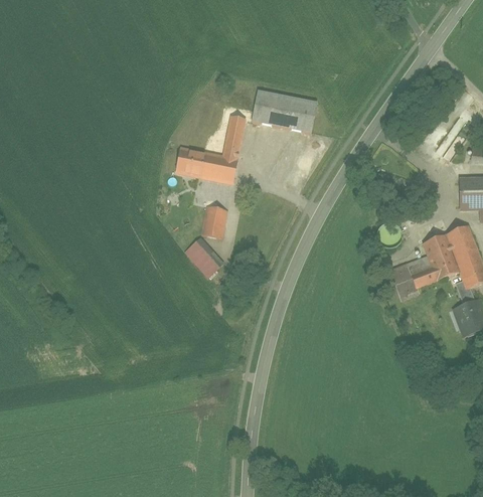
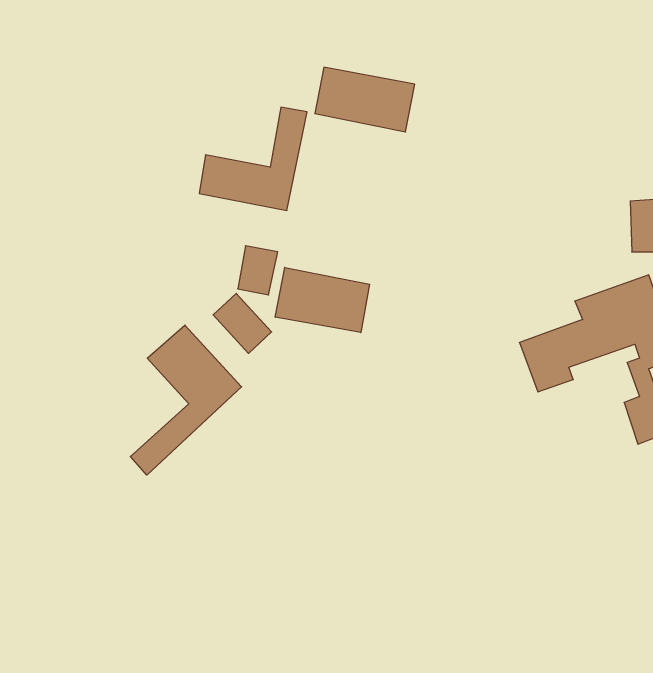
building: none -> [275,267,370,333]
building: none -> [130,325,242,475]

